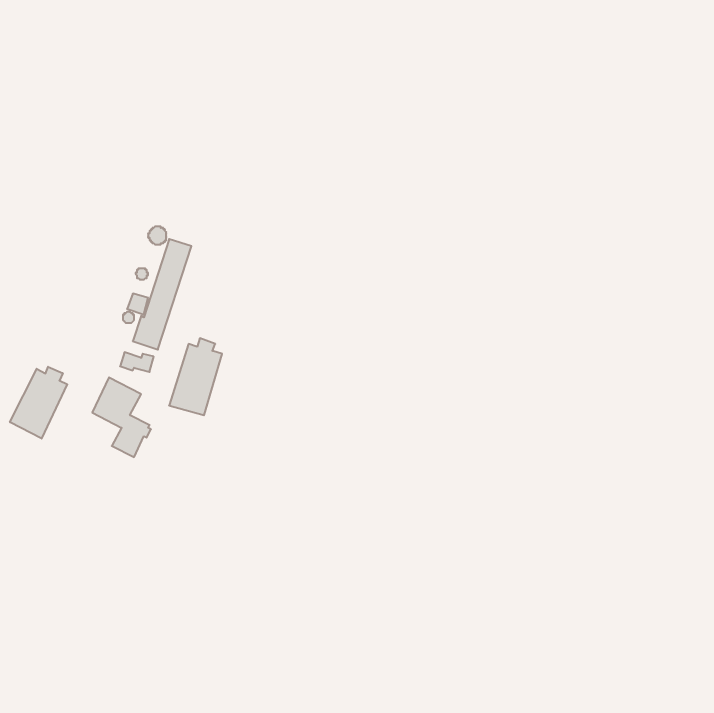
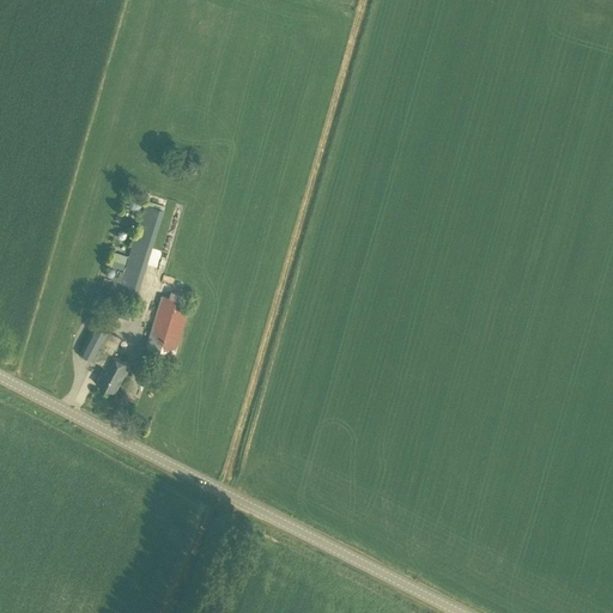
building: [10,367,67,439] -> none

